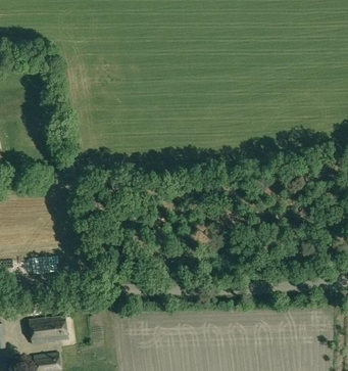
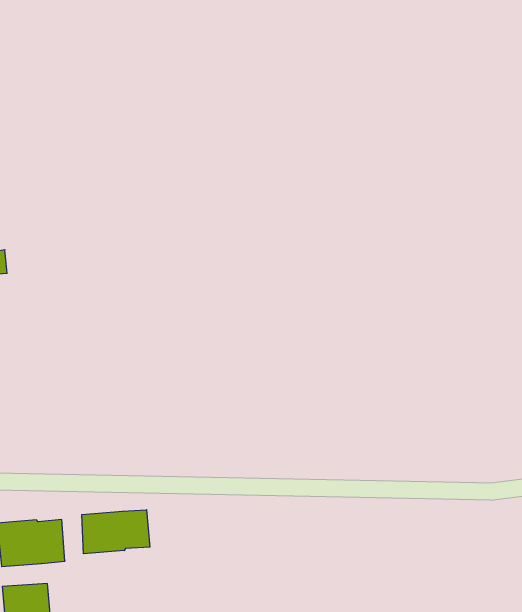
building: none -> [82,510,150,554]

